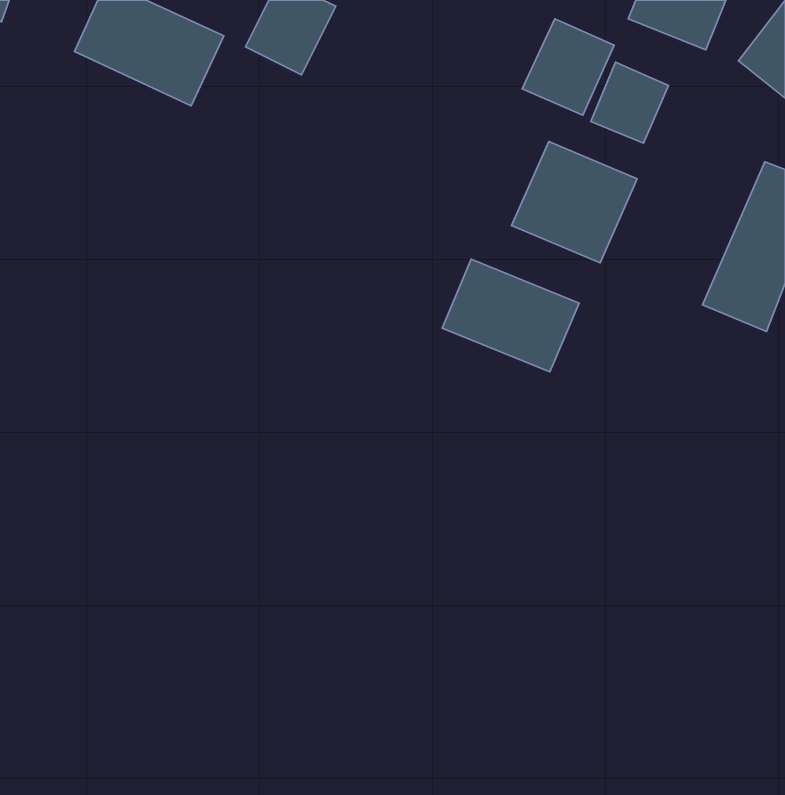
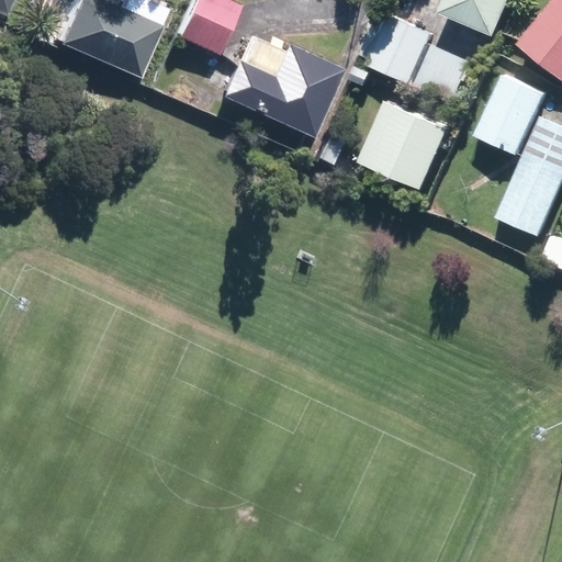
building: none -> [216,43,338,136]
building: none -> [476,72,544,153]
building: [442,259,579,372] -> none

